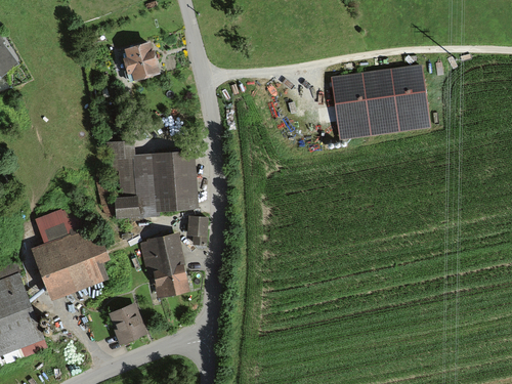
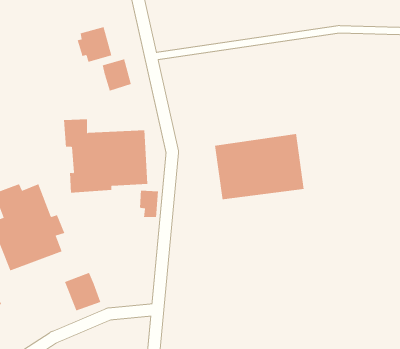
building: [333,67,428,136] -> [214,134,305,200]
building: none -> [102,58,131,91]
building: [139,233,191,299] -> none

